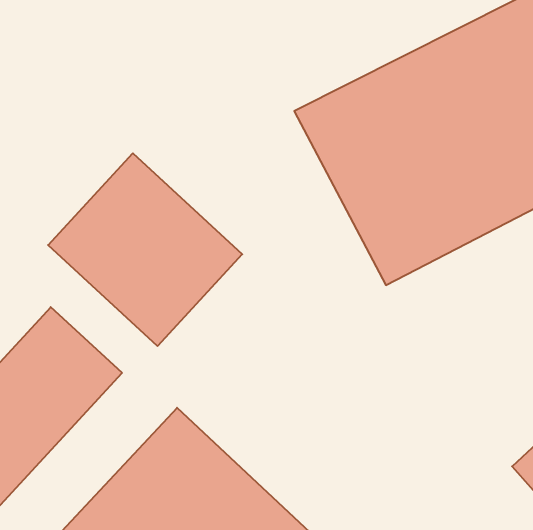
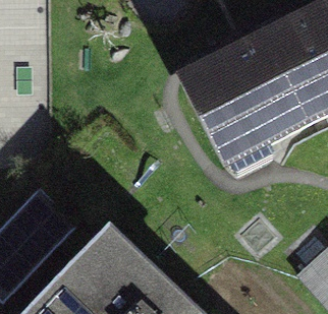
building: [48,153,242,346] -> none

